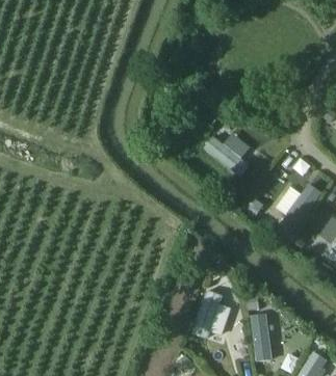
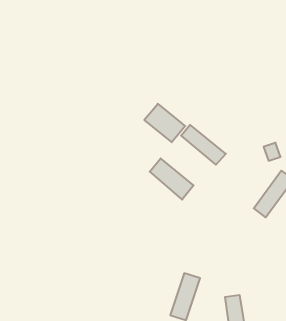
building: none -> [144,104,185,142]
building: none -> [150,158,194,200]

